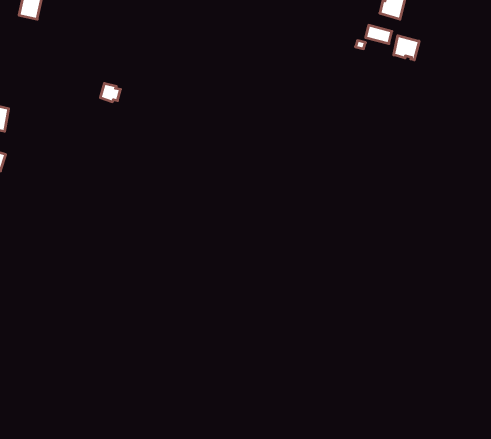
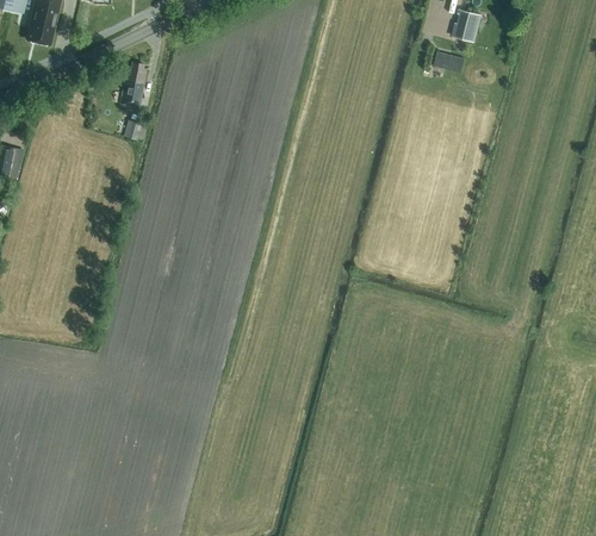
building: none -> [122,62,148,107]
building: [394,36,419,60] -> none

